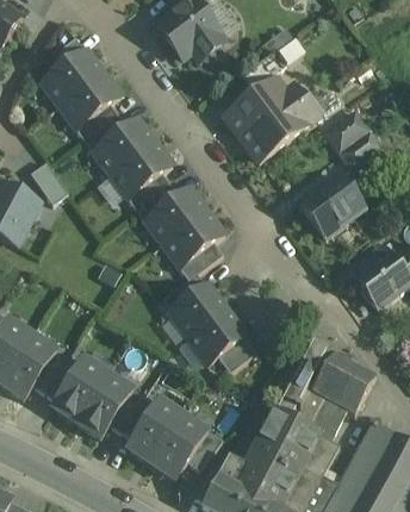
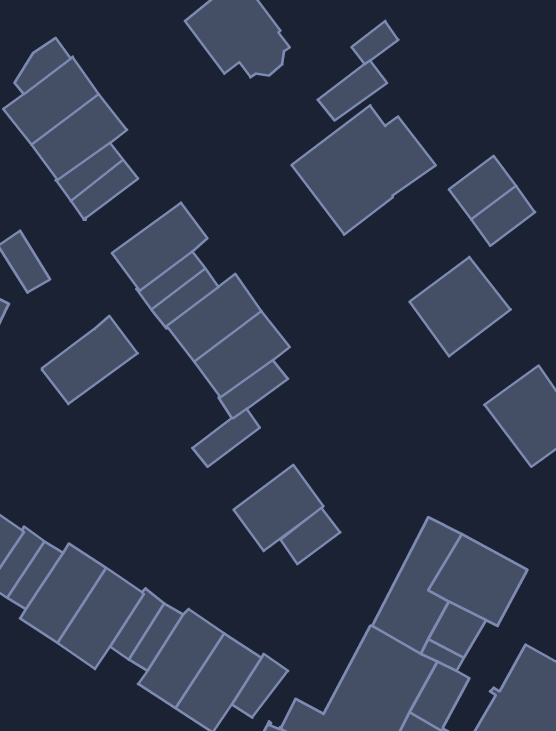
building: [94,117,155,173] -> [42,316,138,404]
building: [169,282,226,336] -> none

